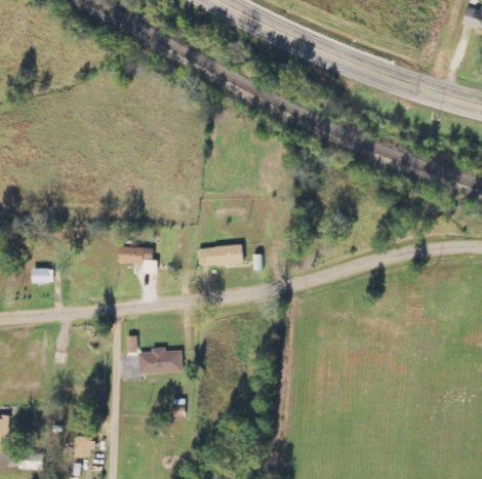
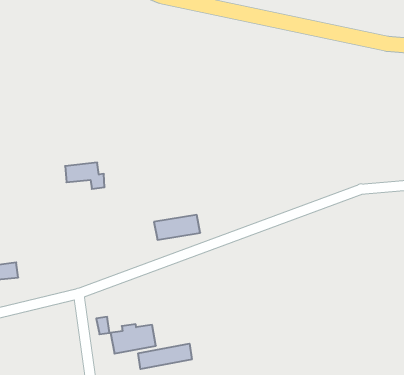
building: [118,247,157,274] -> [65,163,105,189]
building: none -> [138,344,192,369]

